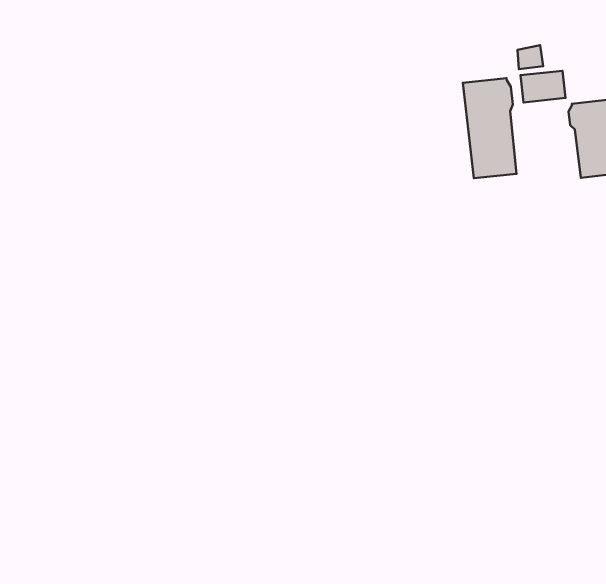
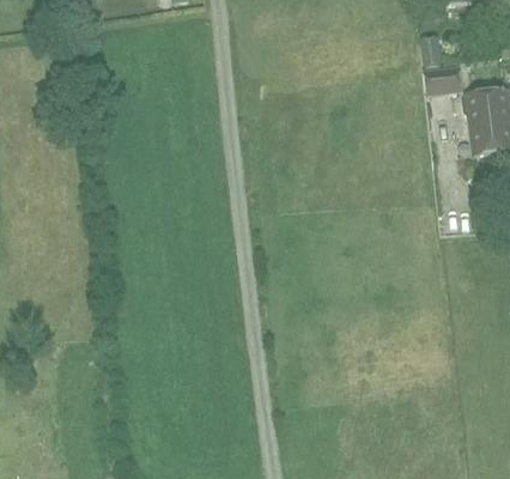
building: [463,78,516,178] -> none

